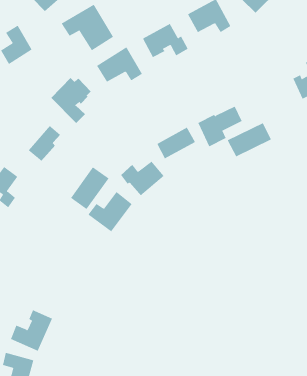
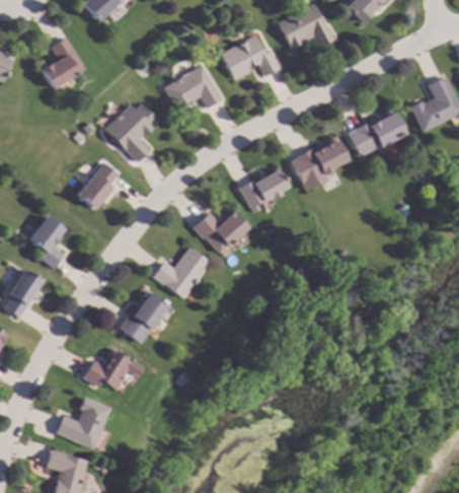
building: [61,4,114,51] -> none
building: [227,122,272,157] -> [349,112,405,155]
building: [70,166,109,210] -> [119,288,168,343]
building: none -> [82,348,145,388]

